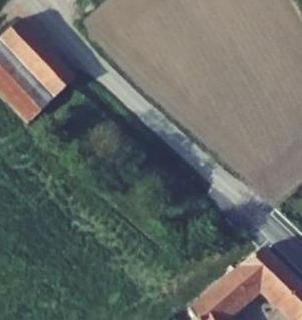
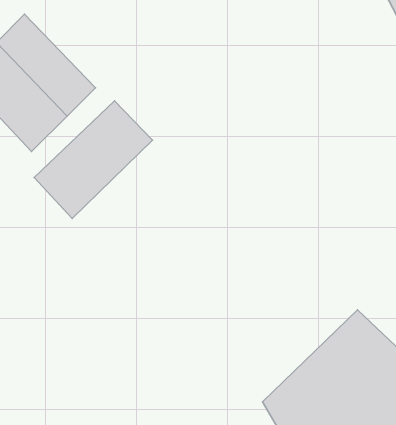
building: none -> [34,101,152,218]

